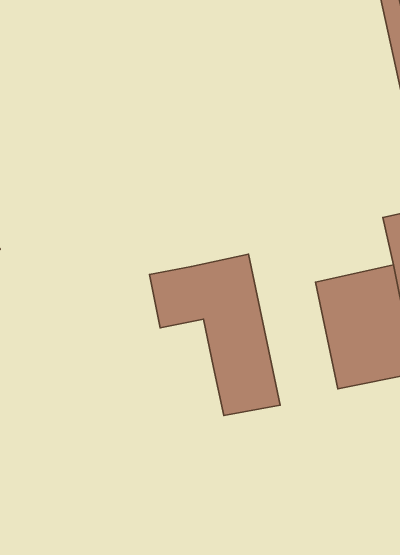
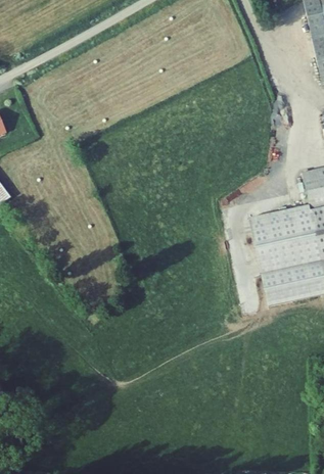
building: [149,254,280,416] -> none

